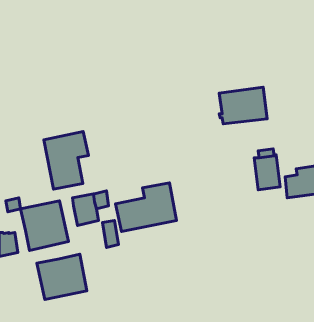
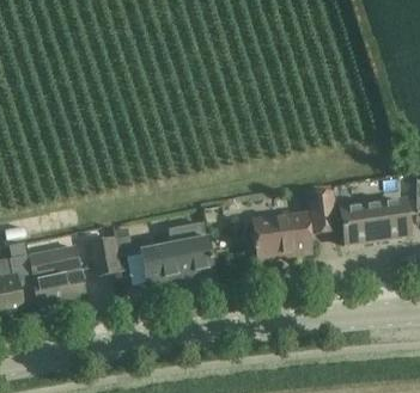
building: [219,87,267,124] -> [252,210,310,254]
building: [44,132,88,189] -> none
building: [37,254,87,300] -> none

